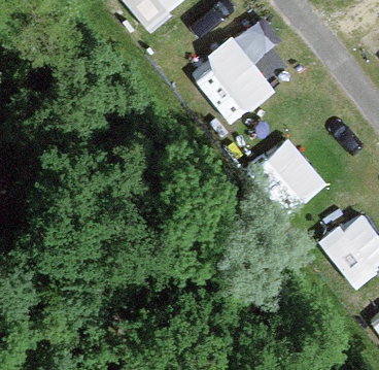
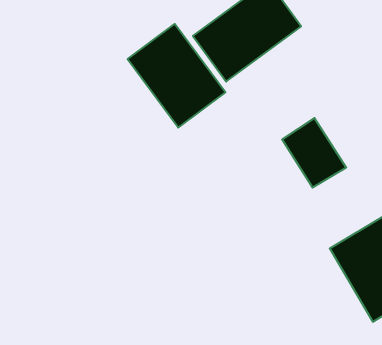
building: none -> [128,24,225,128]

